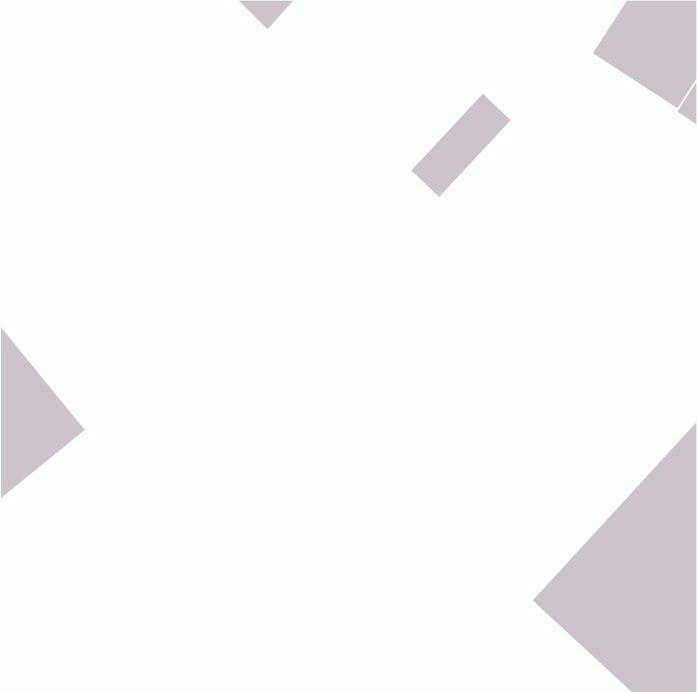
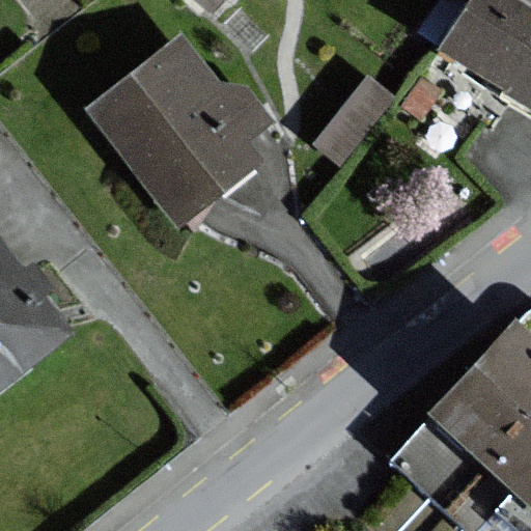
building: none -> [99,41,271,222]

